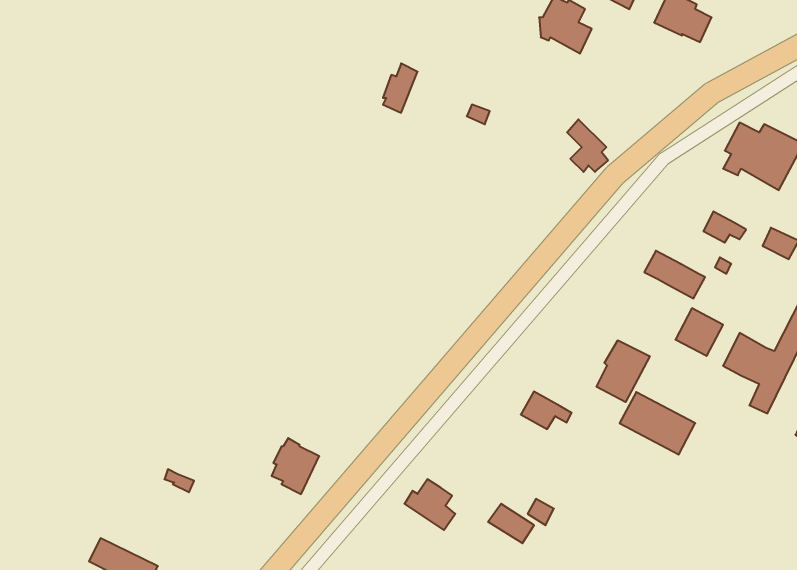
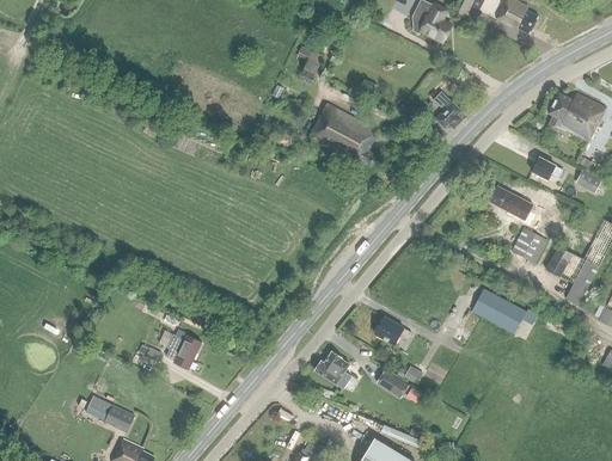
building: none -> [308,103,379,165]
building: [597,340,650,402] -> none
building: [521,391,572,429] -> [374,316,411,344]
building: [272,438,319,494] -> [166,328,201,369]

